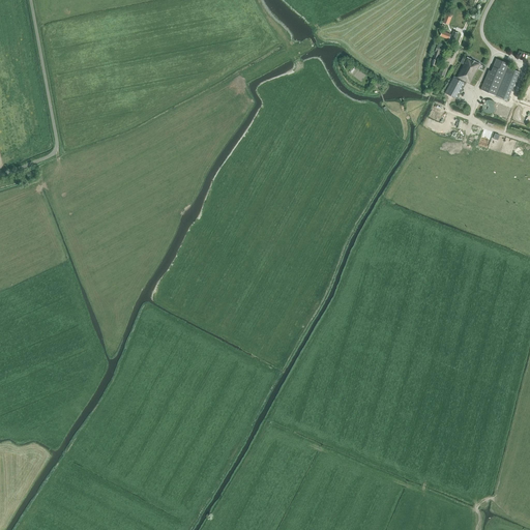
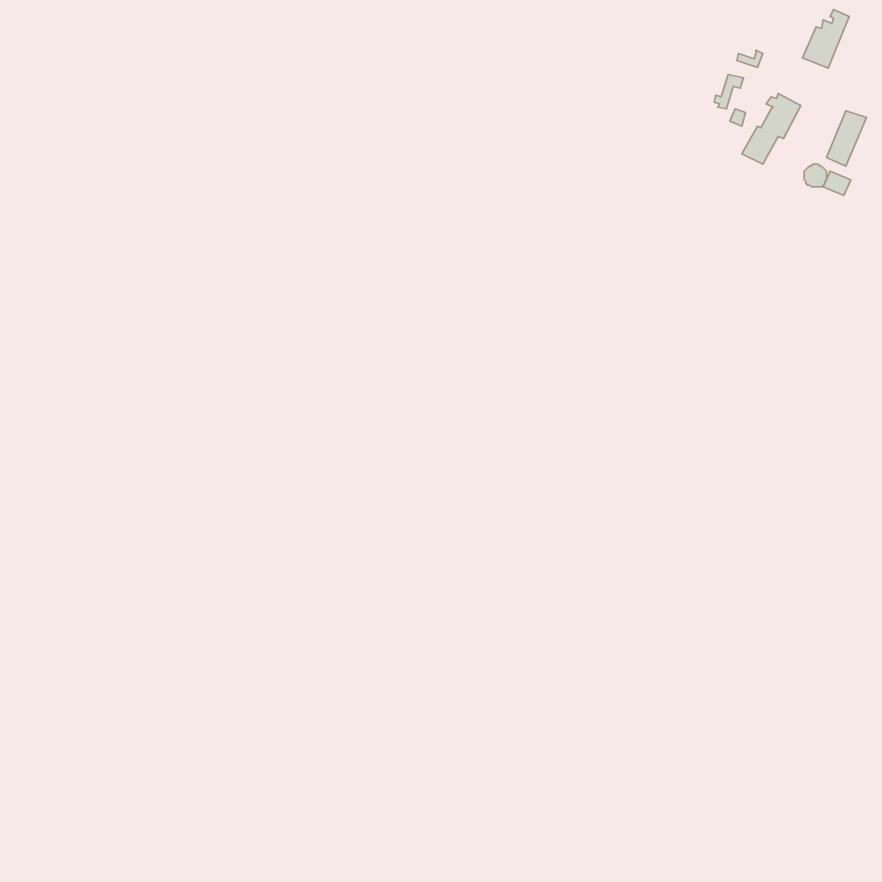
building: [479,59,507,94] -> [802,10,849,68]

